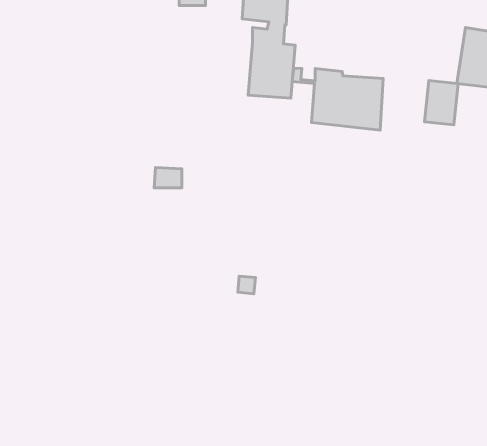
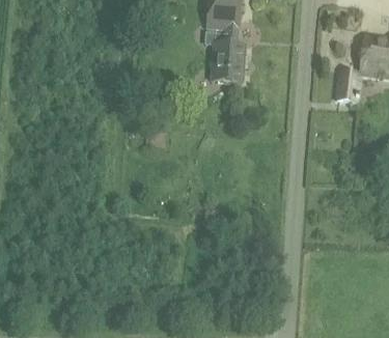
building: [292,68,383,130] -> none

